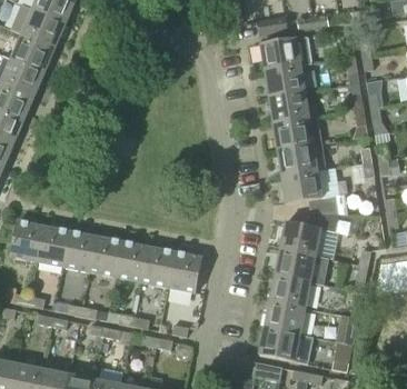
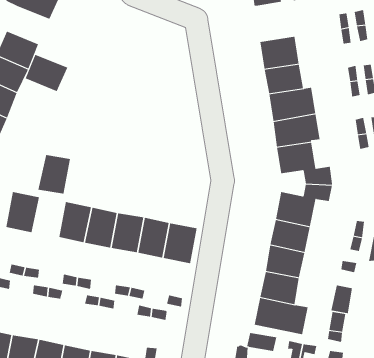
building: [11,34,54,72] -> [25,54,68,92]
building: [260,36,311,70] -> none
building: [37,226,70,266] -> [38,154,71,194]

